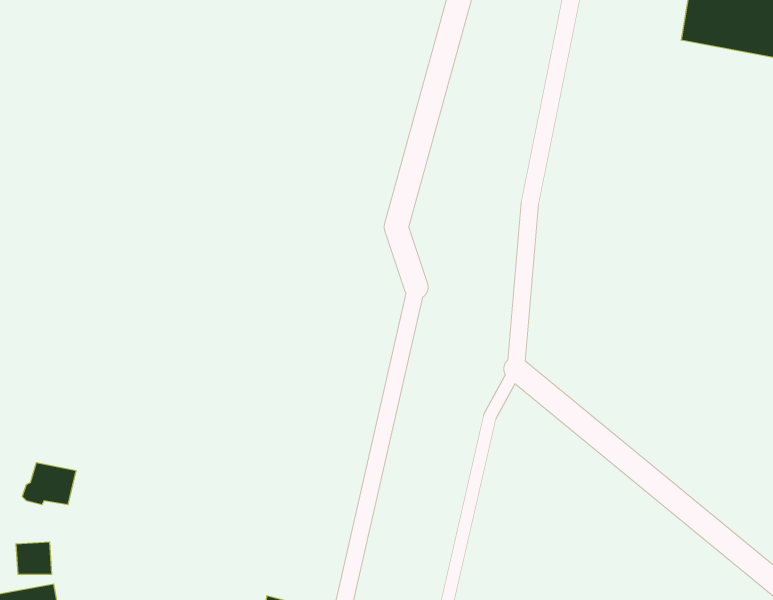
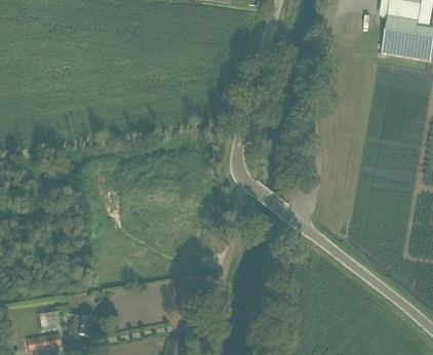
building: [22,463,76,505] -> [69,313,96,334]

